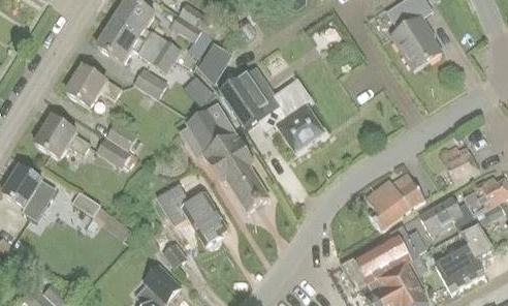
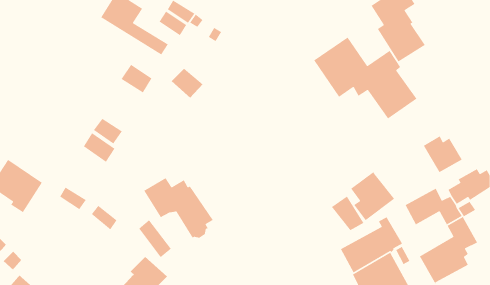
building: [97,23,174,72] -> none
building: [197,42,230,82] -> none
building: [66,66,122,108] -> none
building: [219,66,324,150] -> [313,37,418,119]
building: [186,101,269,211] -> none
building: [34,116,90,159] -> none
building: [390,170,424,206] -> [331,196,365,231]

